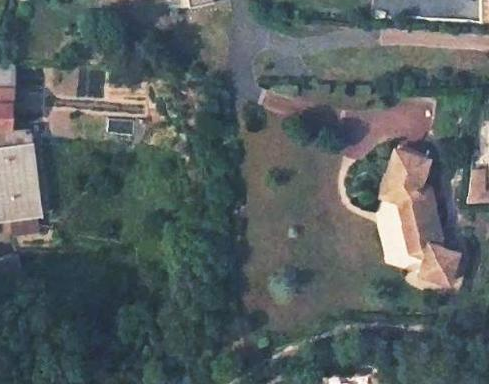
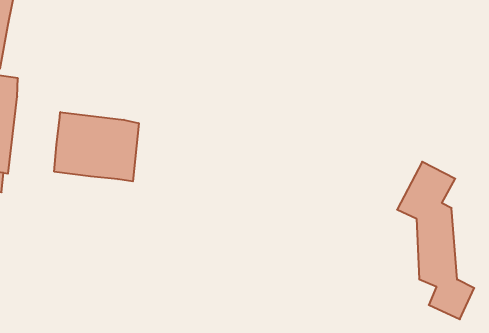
building: none -> [54,112,139,181]

